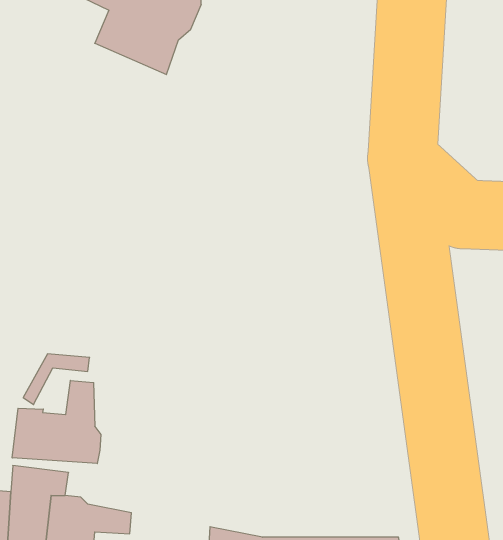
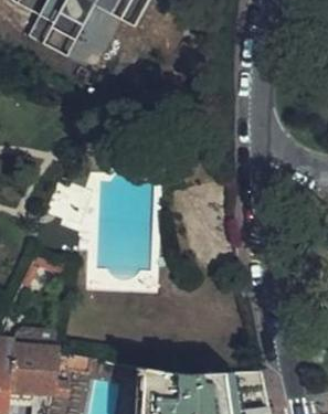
building: [12,380,101,464] -> none

